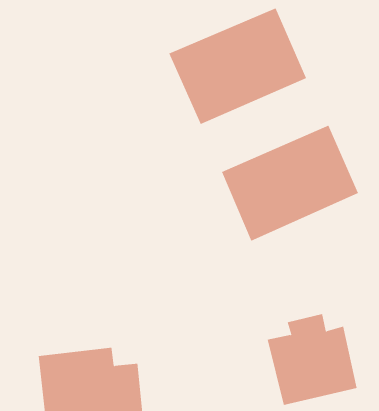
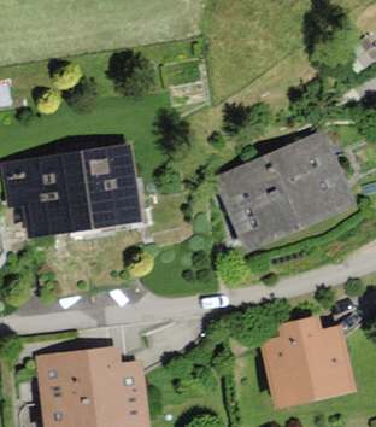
building: [169,8,307,125] -> none
building: none -> [7,147,137,233]

